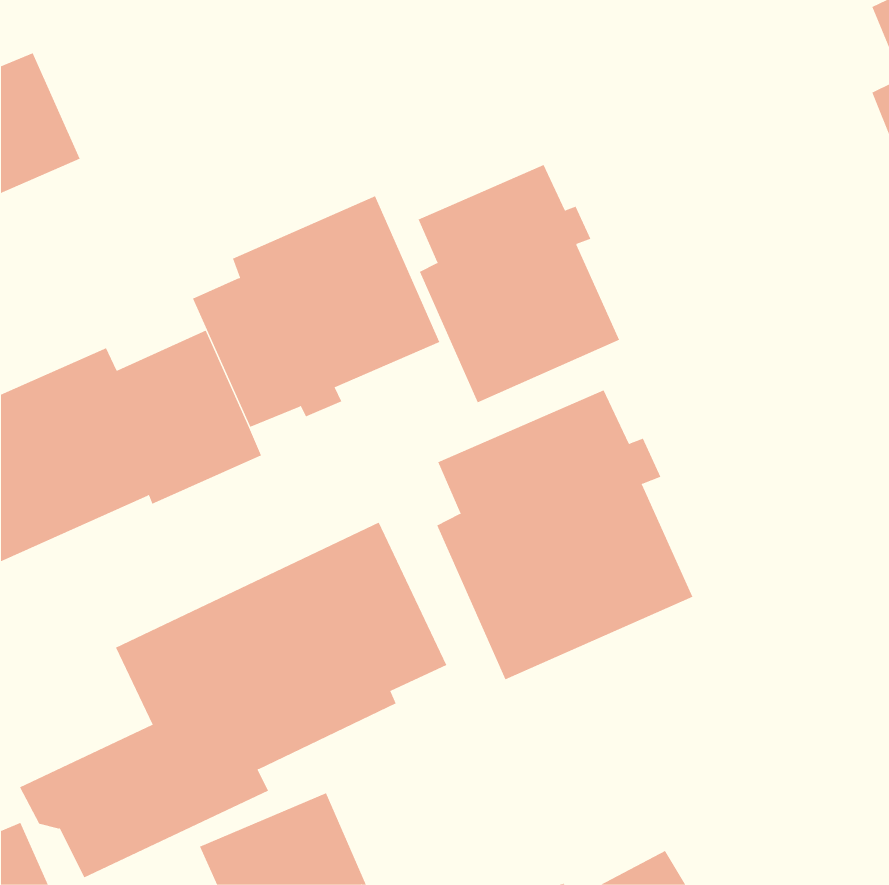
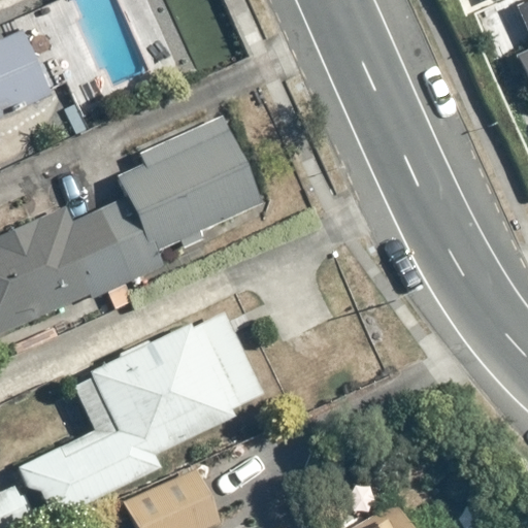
building: [418,164,620,403] -> none
building: [437,390,693,680] -> none

